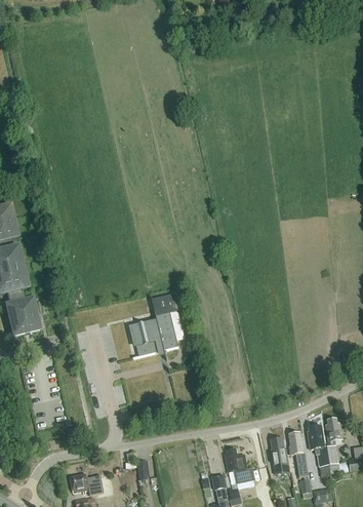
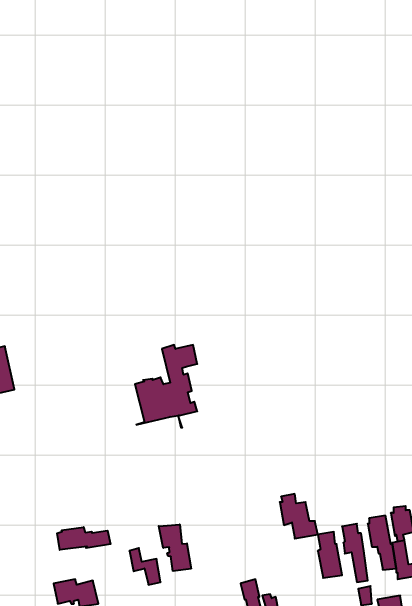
building: none -> [159,524,191,571]
building: none -> [57,527,111,550]
building: [225,447,253,481] -> [280,494,318,539]

